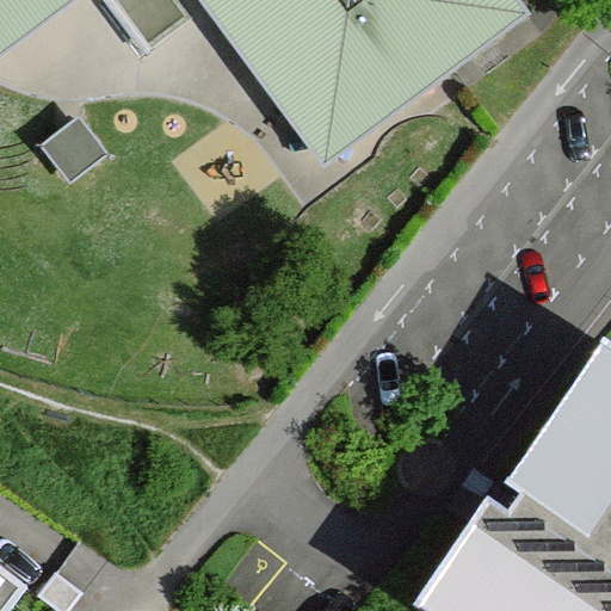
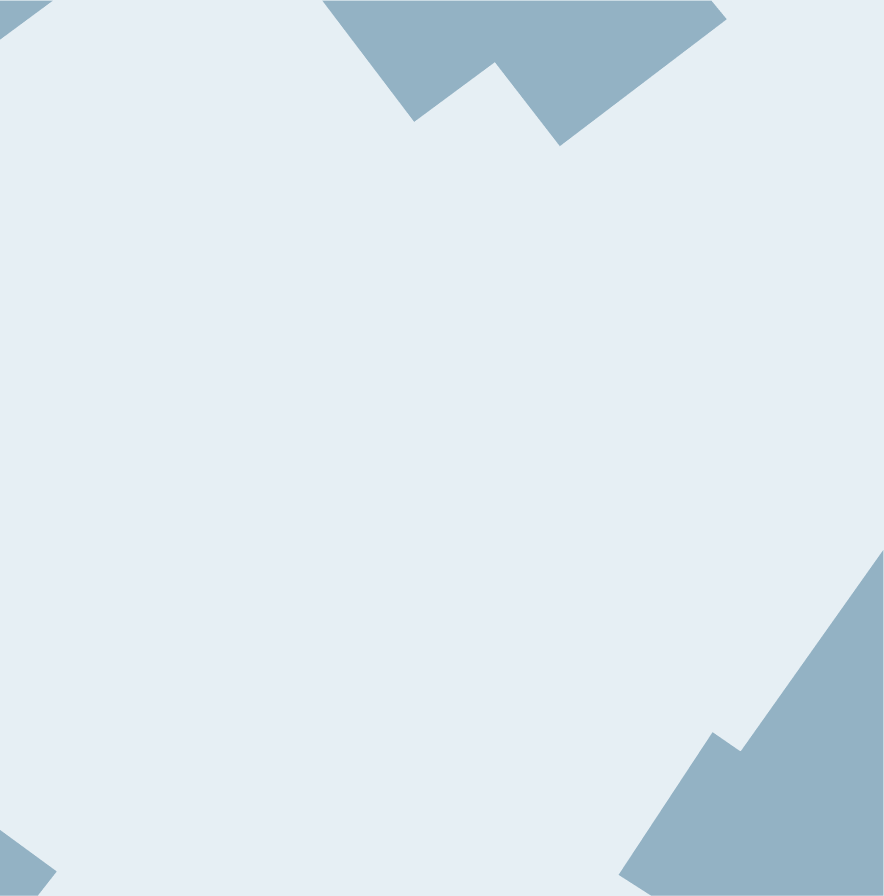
building: [282,43,381,143] -> none

